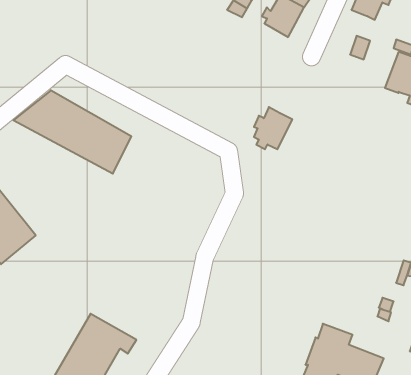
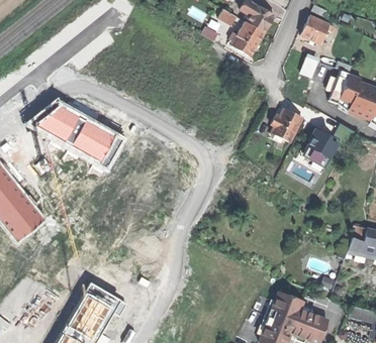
building: [254,107,292,149] -> [273,109,304,143]
building: none -> [298,126,339,168]

